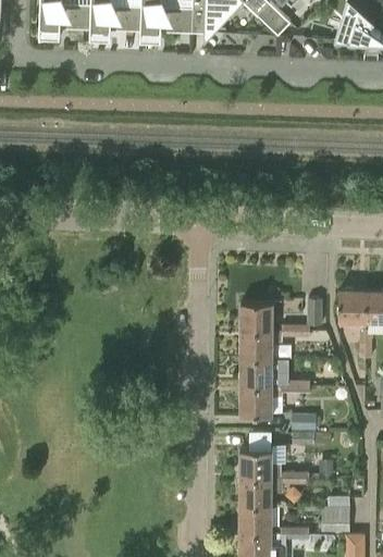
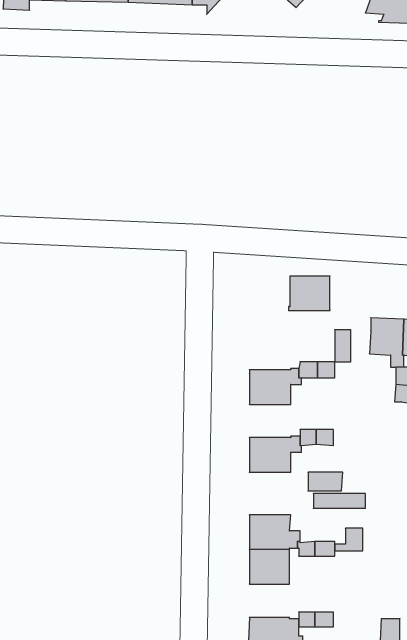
building: [240,301,274,330] -> [289,276,330,311]
building: [240,358,274,385] -> none
building: [240,505,273,532] -> none
building: [322,505,349,533] -> none

